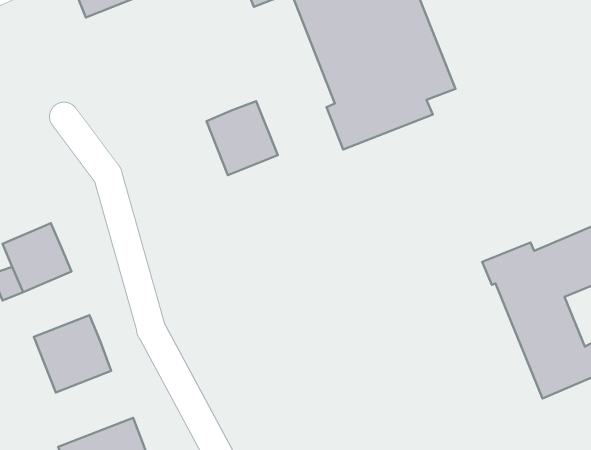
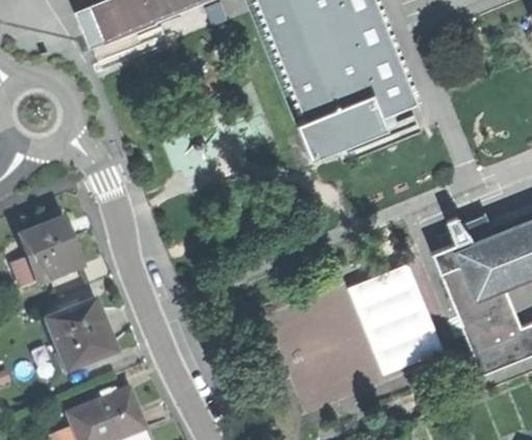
building: [206,101,278,175] -> none
building: none -> [351,260,445,371]

